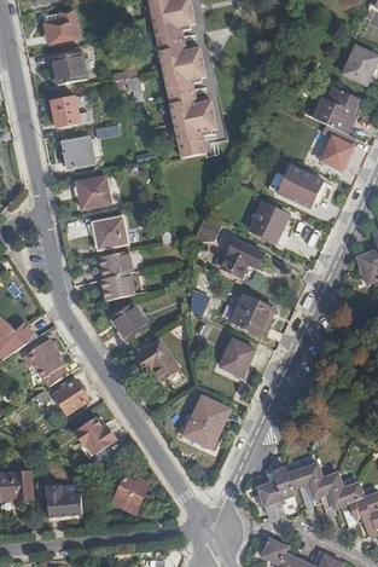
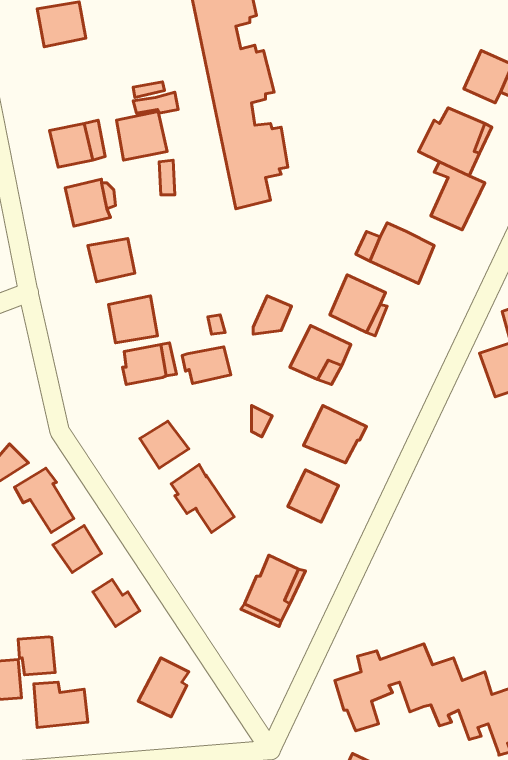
building: [52,53,87,87] -> [117,111,167,160]
building: [103,274,136,300] -> [182,347,231,383]
building: none -> [18,637,55,675]

